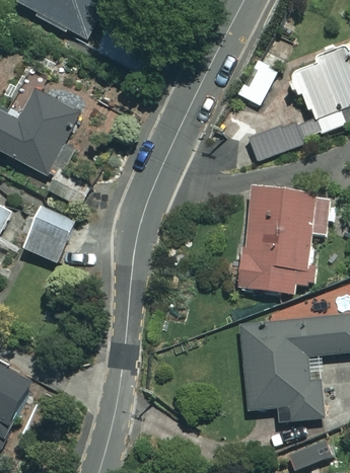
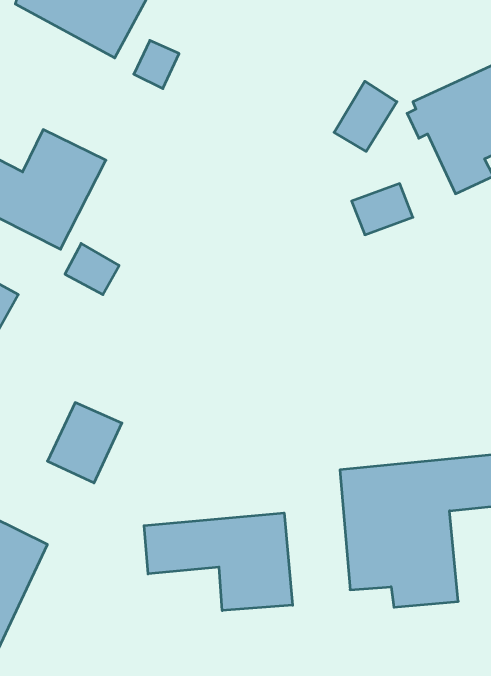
building: [239,187,330,294] -> none
building: [23,206,75,261] -> [47,403,122,483]
building: none -> [144,513,293,611]

